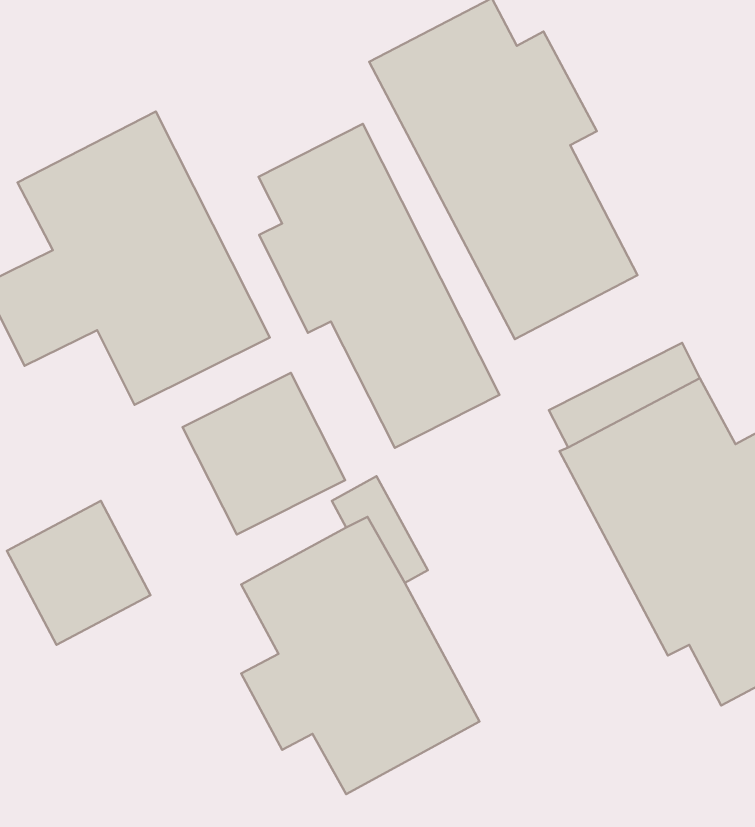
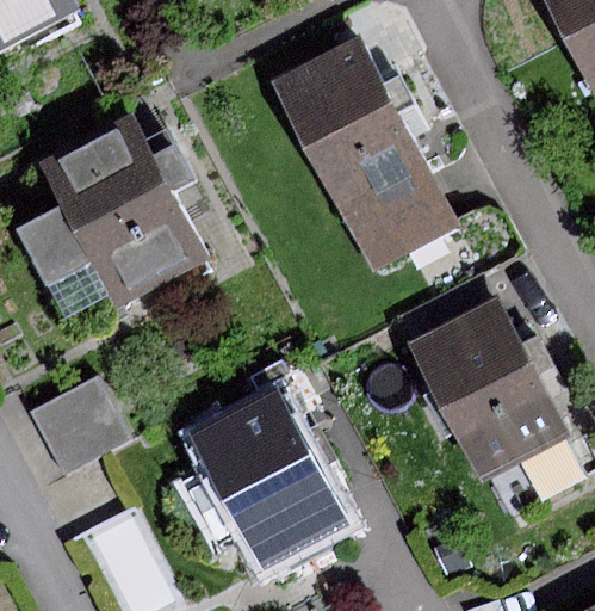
building: [258,124,499,448] -> none
building: [183,373,345,535] -> none

